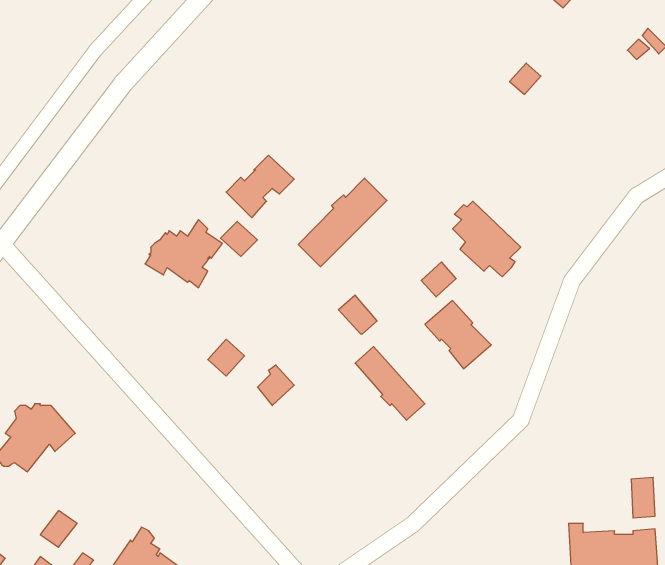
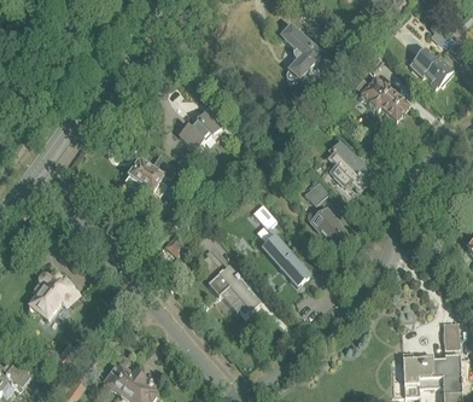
building: none -> [280,25,321,78]
building: none -> [413,53,452,87]
building: none -> [360,76,409,121]
building: [298,178,387,267] -> none
building: none -> [208,266,261,314]

